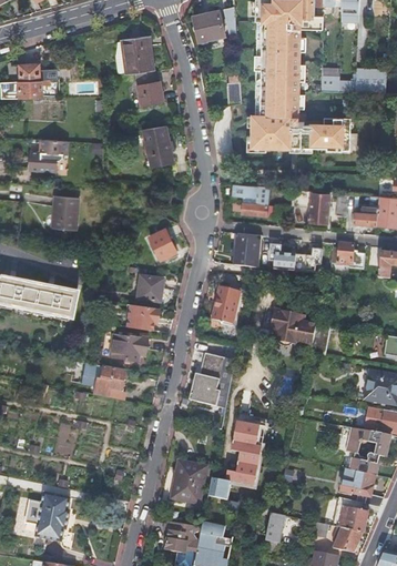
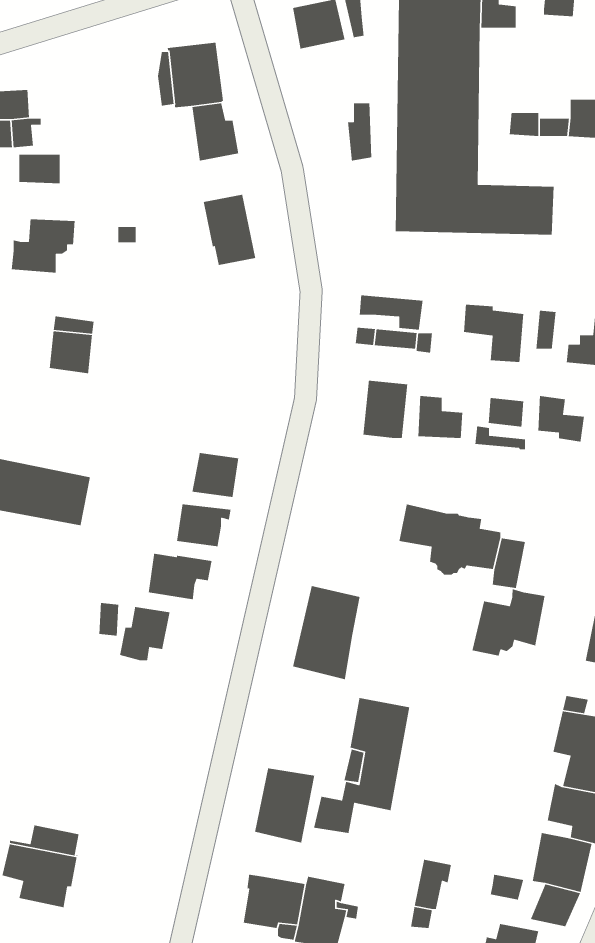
building: [150,230,176,260] -> none
building: [212,286,241,326] -> none
building: none -> [472,588,546,656]

